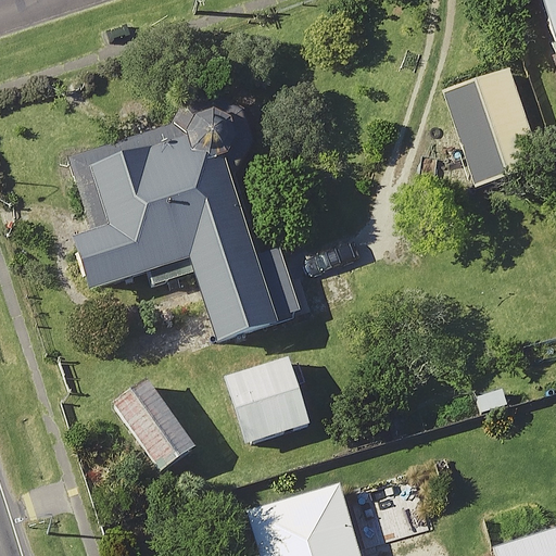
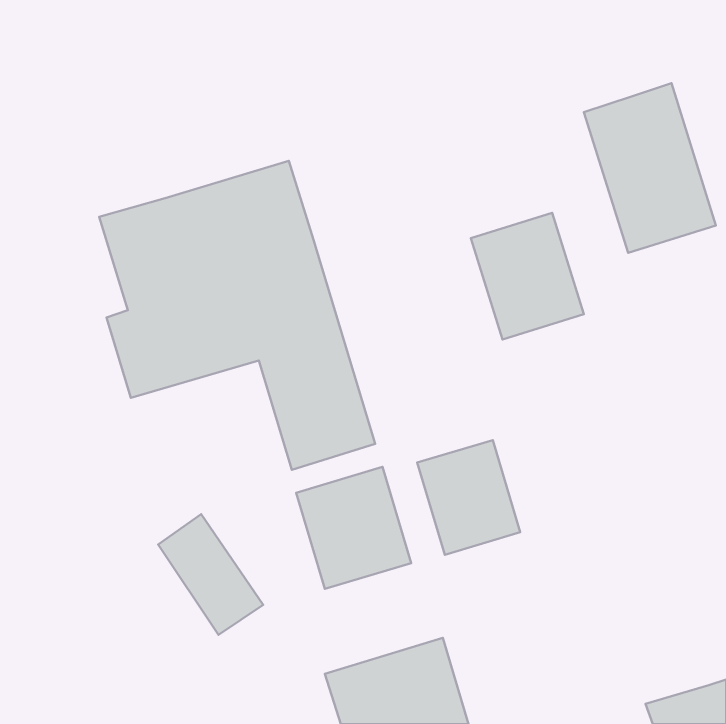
building: none -> [471,213,584,340]
building: none -> [417,440,520,555]

